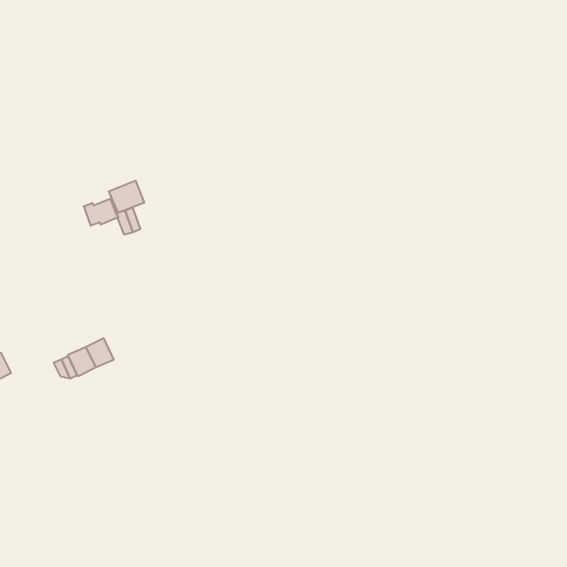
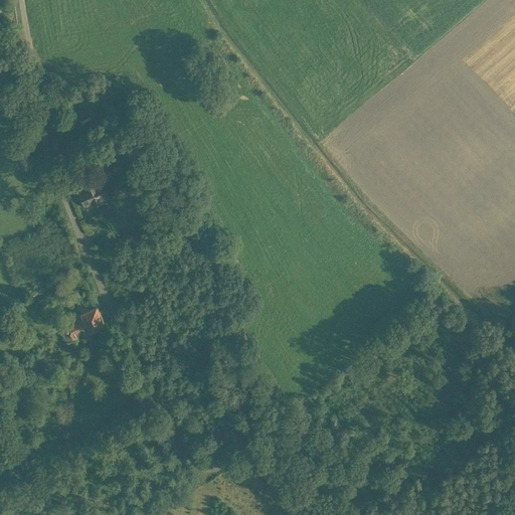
building: [109,181,144,213] -> none

